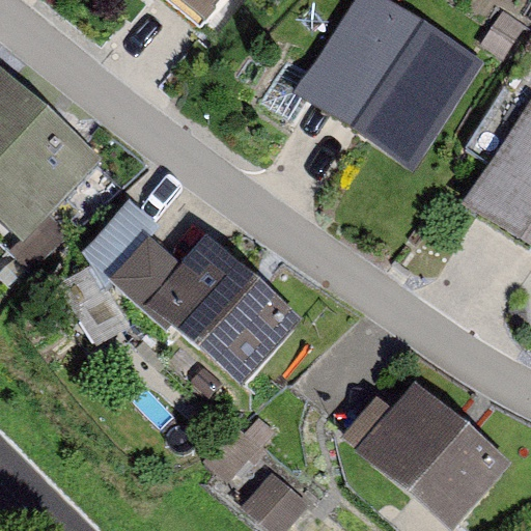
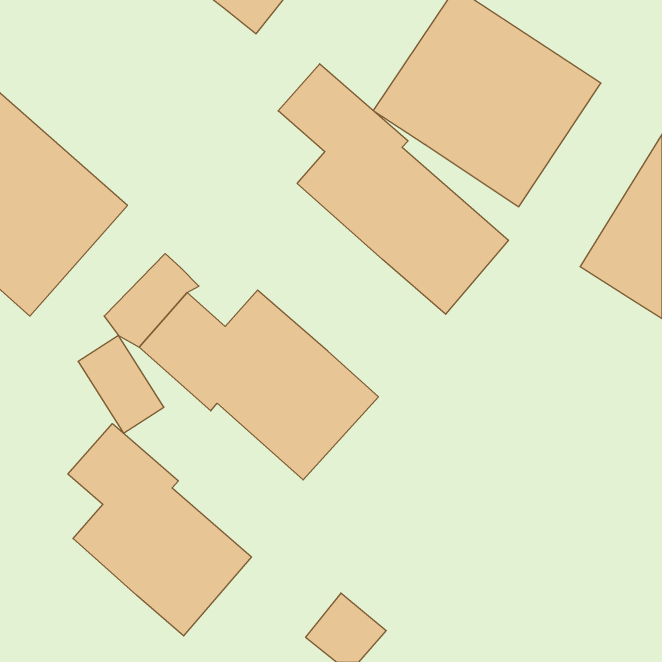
building: none -> [278,64,508,314]
building: none -> [68,424,251,636]
building: [346,381,509,524] -> none

